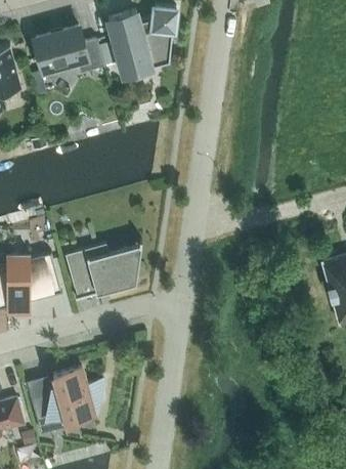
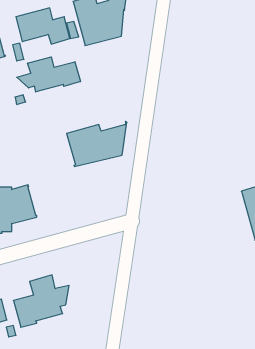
building: none -> [17,57,80,92]
building: [64,240,141,297] -> [67,121,127,166]

